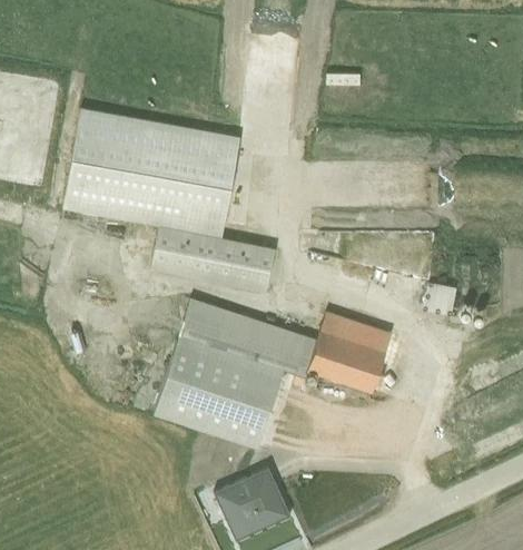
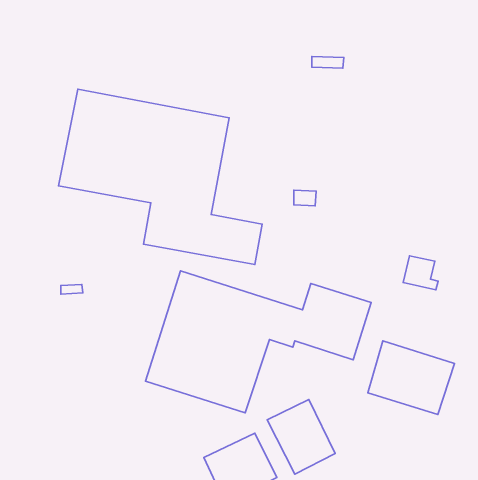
building: none -> [368,341,455,414]
building: none -> [267,399,335,474]

